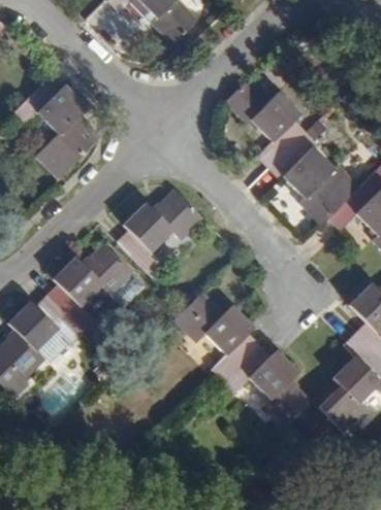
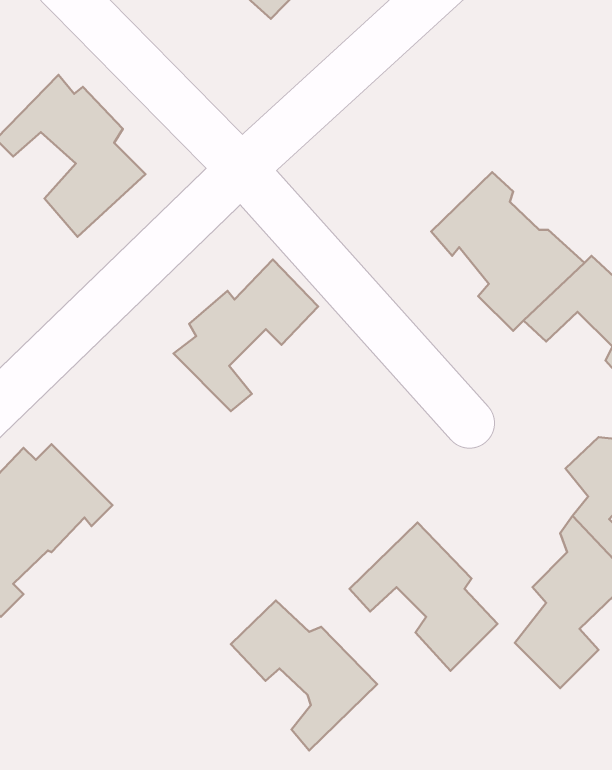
building: [224,82,307,168] -> none
building: [45,241,141,332] -> none
building: [176,291,262,379] -> [231,601,377,750]

